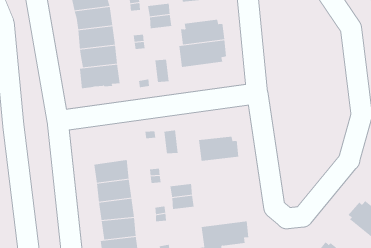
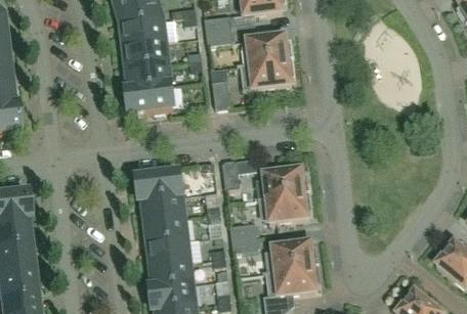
building: none -> [137,172,182,200]
building: none -> [258,191,312,222]
building: none -> [263,240,320,272]

